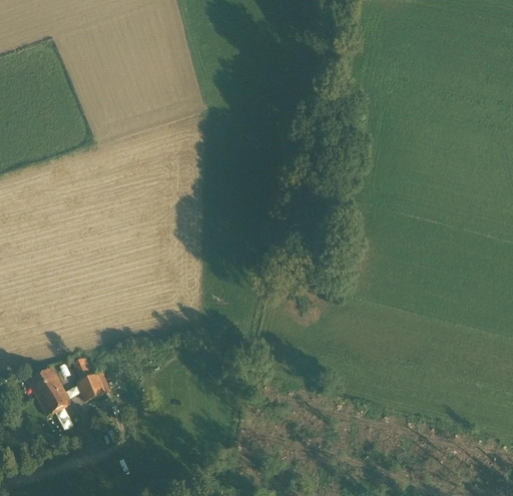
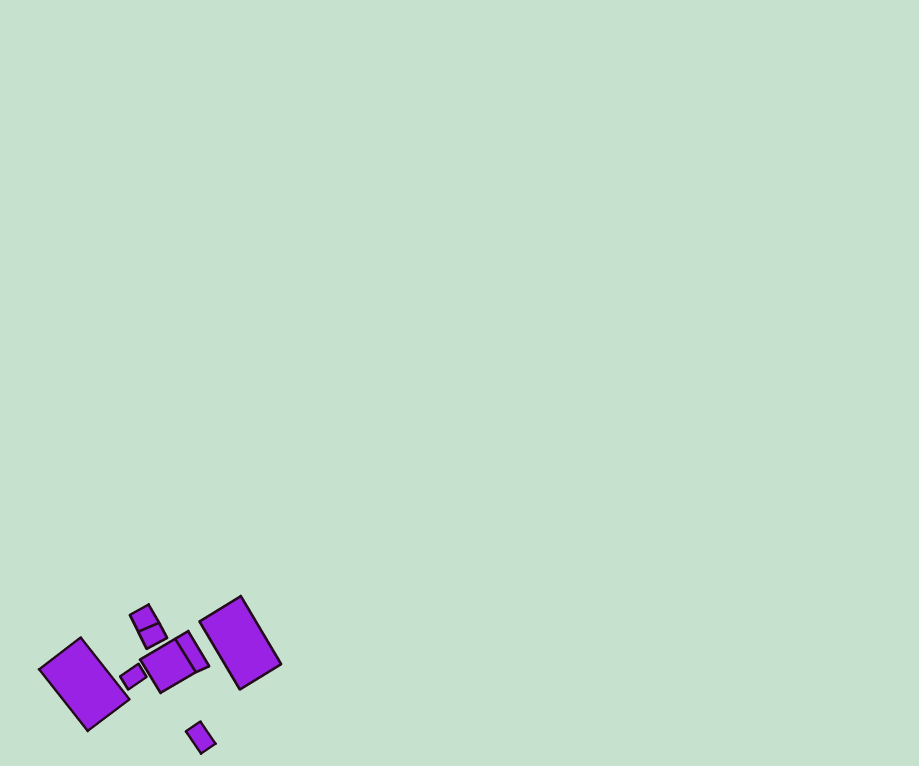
building: none -> [200,596,281,689]

